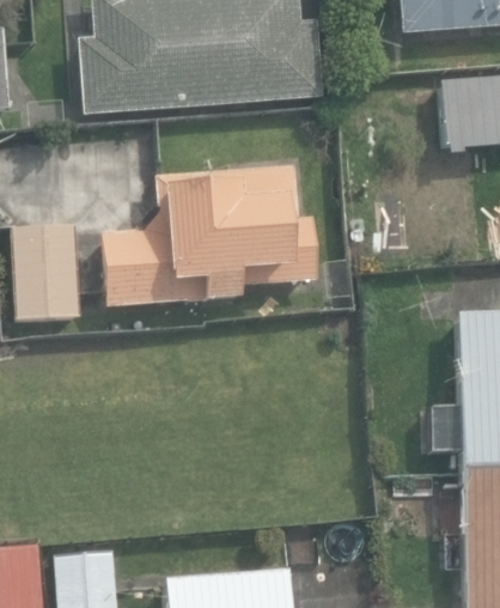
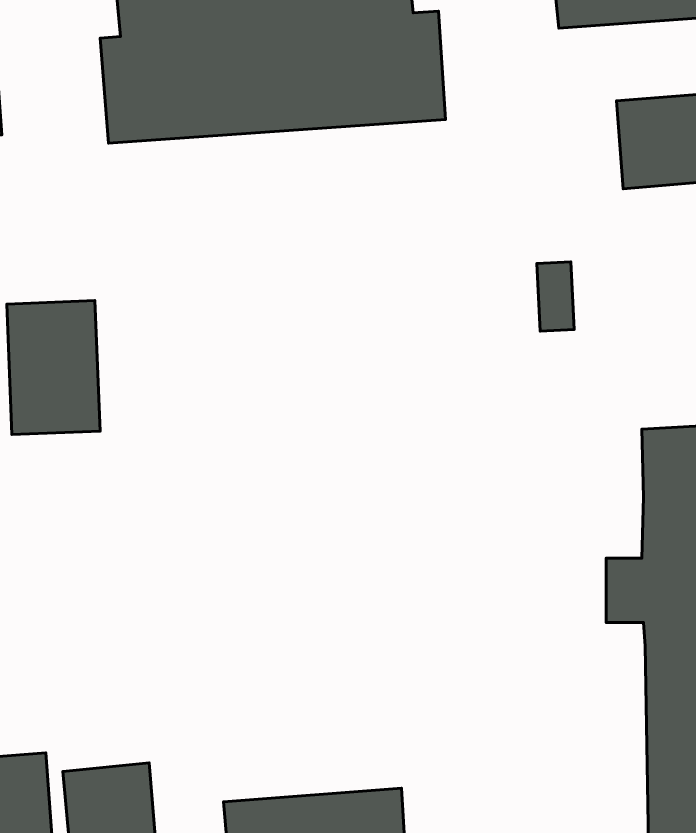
building: [98,168,316,306] -> none

